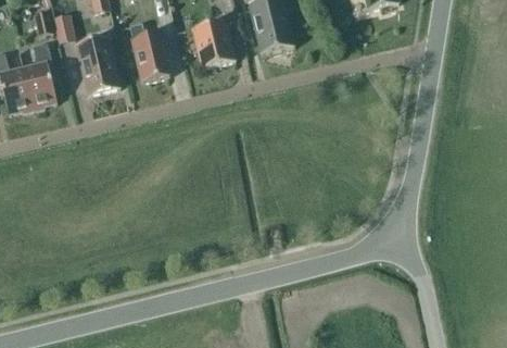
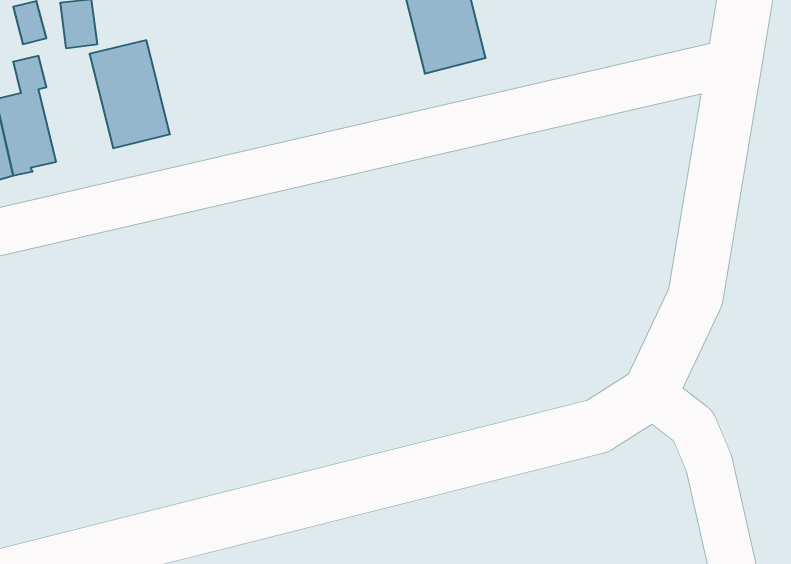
building: [191,20,235,67] -> none
building: [129,23,168,82] -> none

